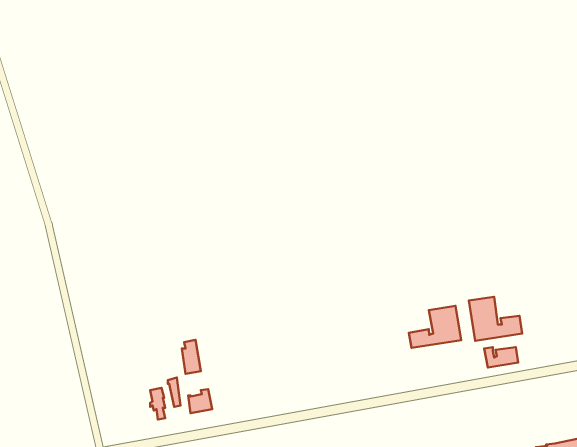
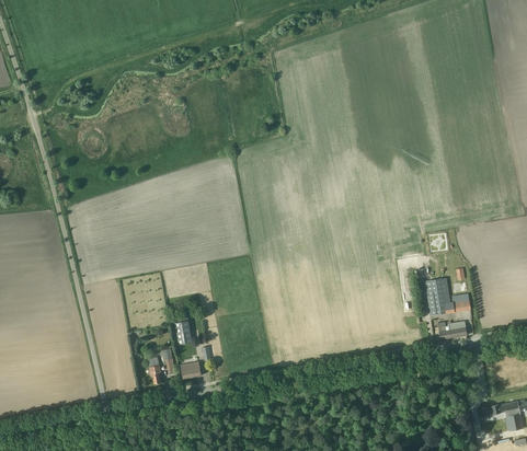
building: [409,306,461,348] -> none

